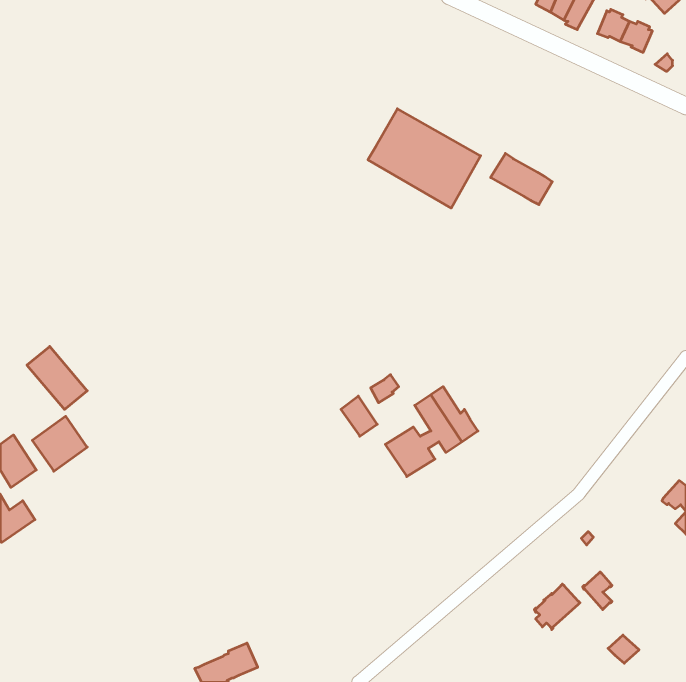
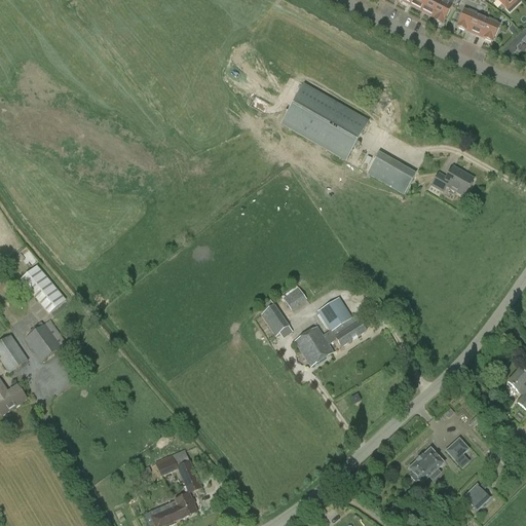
building: [491,153,552,205] -> [367,153,414,192]
building: none -> [433,165,474,194]
building: none -> [155,449,198,485]

